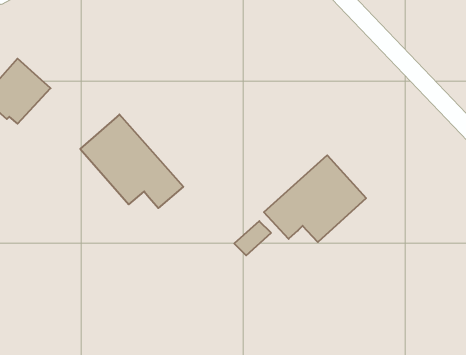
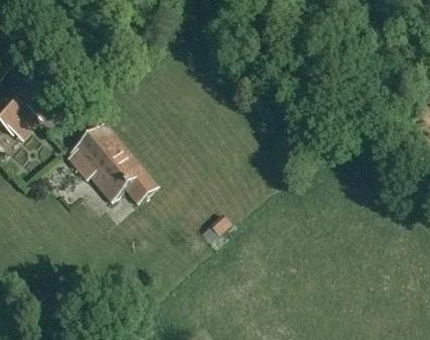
building: [264,155,366,242] -> none

